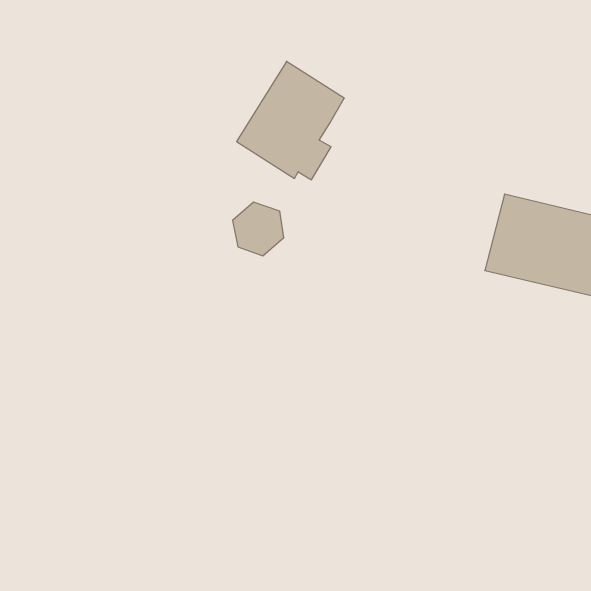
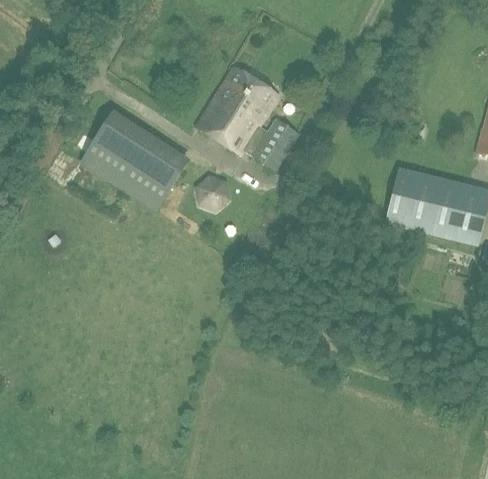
building: none -> [253,117,299,168]
building: none -> [93,121,193,208]

